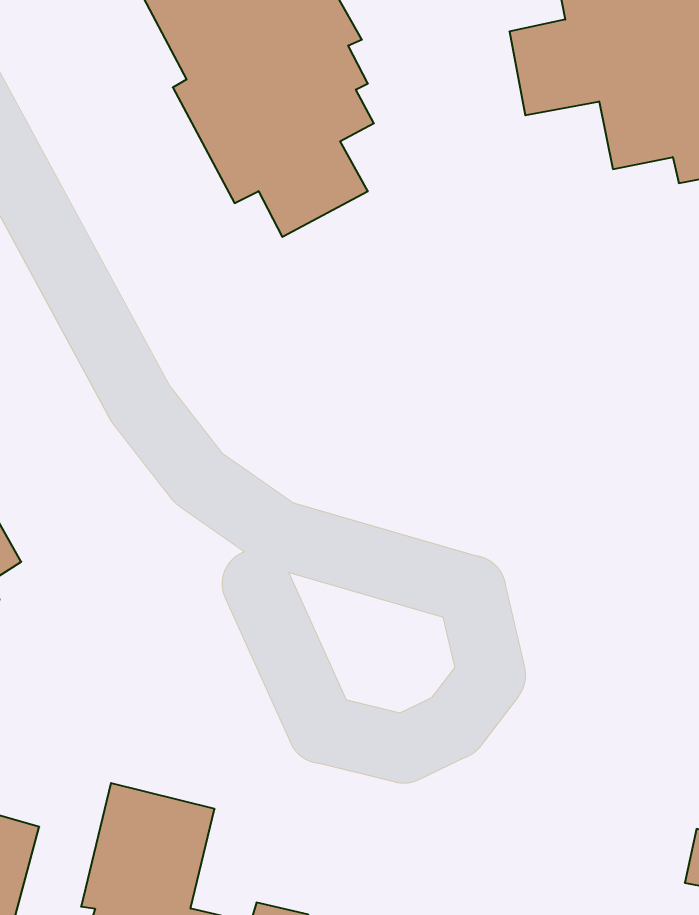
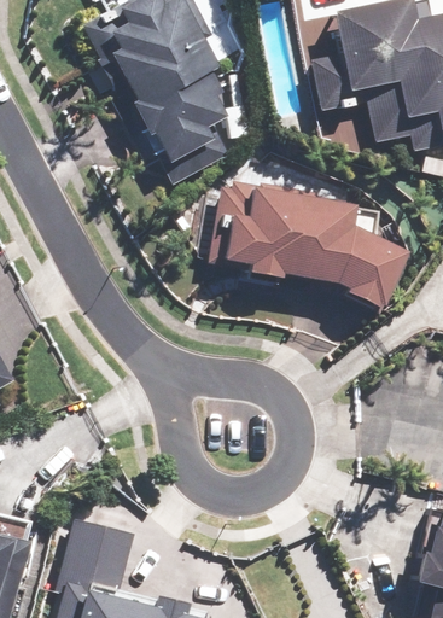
building: none -> [208,181,410,307]

